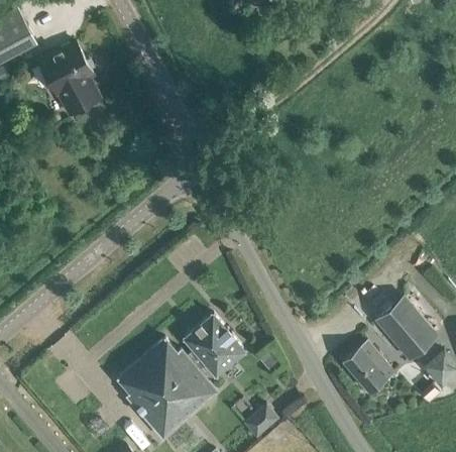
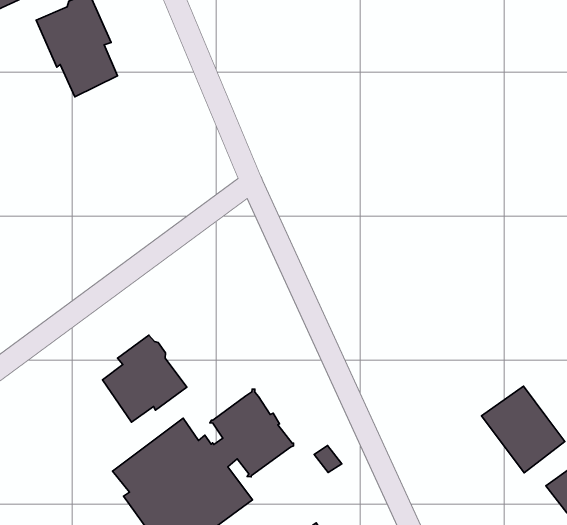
building: none -> [102,335,187,422]
building: [344,343,392,393] -> none

